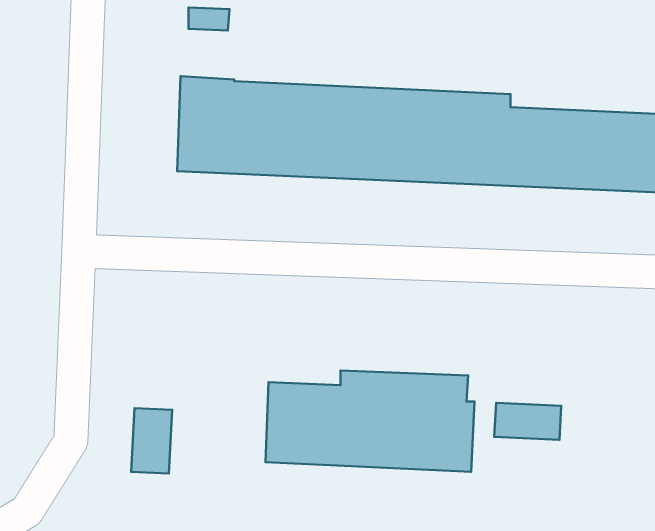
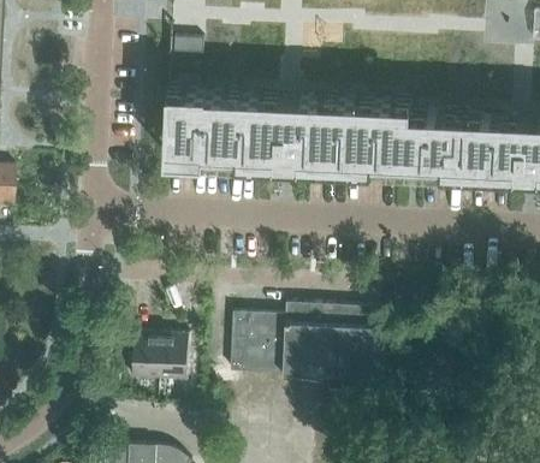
building: [494,403,561,440] -> none
building: none -> [159,339,189,387]

